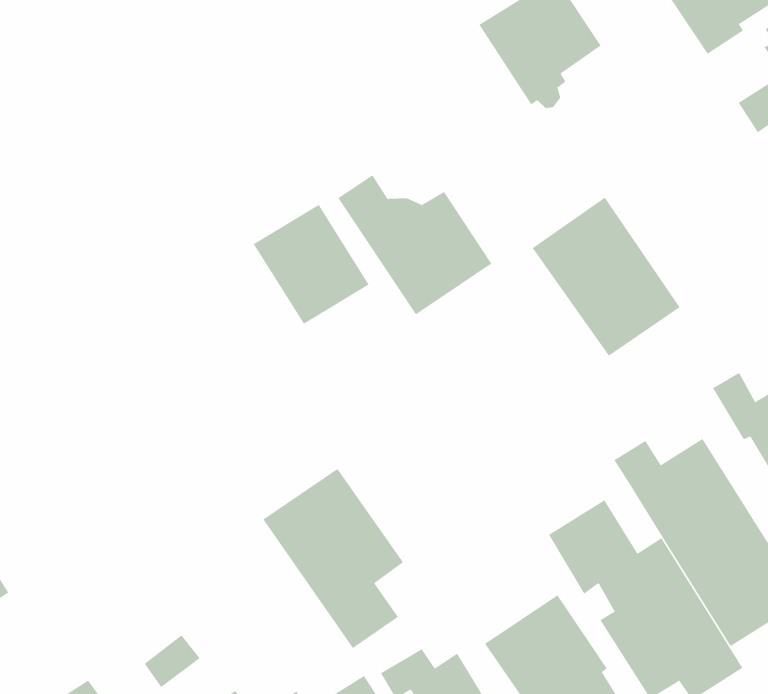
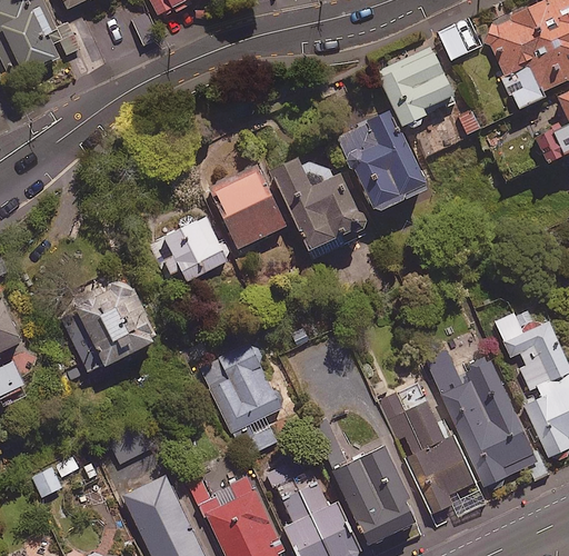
building: [532,197,681,356] -> [338,110,428,212]
building: none -> [149,216,229,288]
building: none -> [69,278,158,374]

